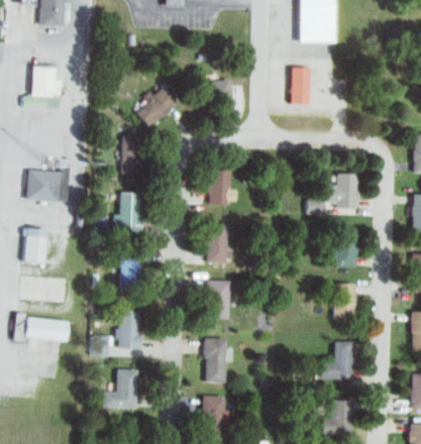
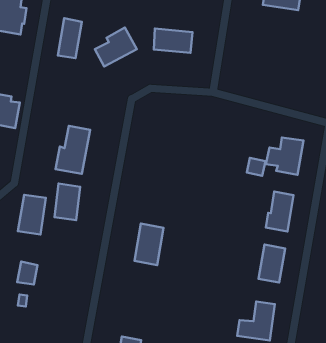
building: [291,67,311,104] -> none
building: [122,135,141,174] -> [58,18,82,58]
building: [209,169,232,205] -> none
building: [208,223,233,261] -> none
building: [118,311,141,348] -> [18,195,46,234]
building: [205,337,234,382] -> none
building: [104,368,138,408] -> none

